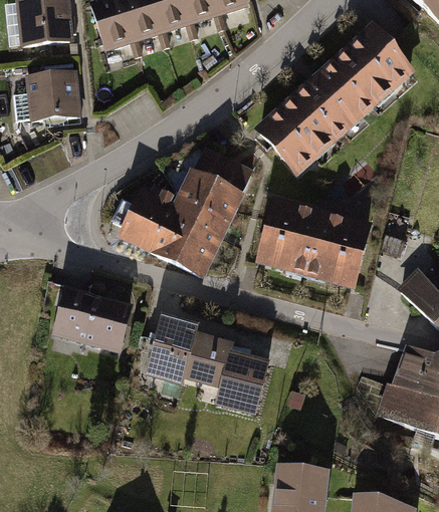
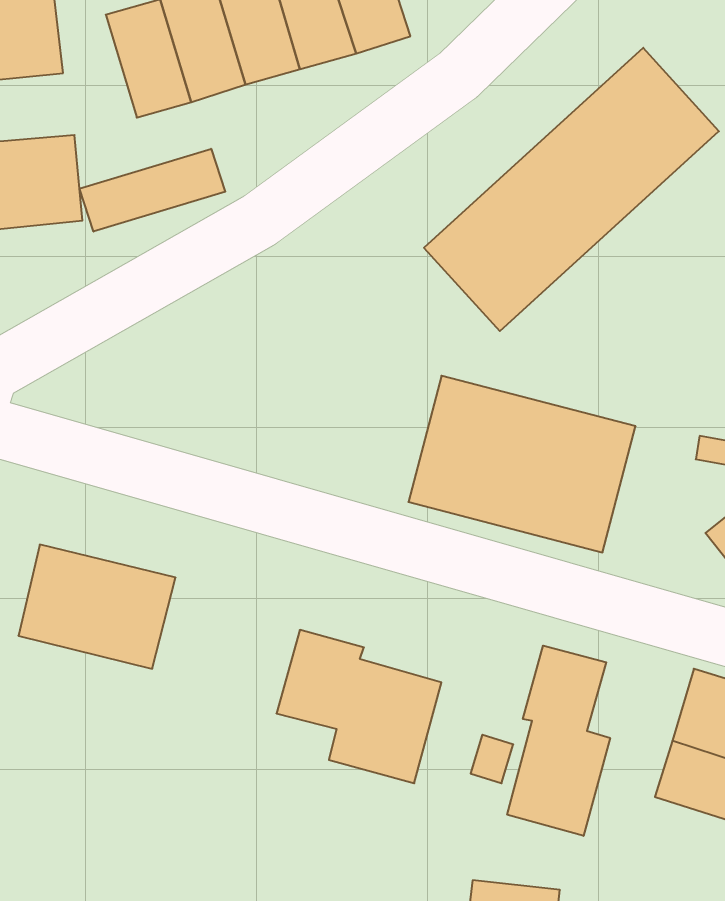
building: none -> [80,149,225,232]
building: [116,144,252,271] -> none
building: [143,313,197,383] -> none
building: none -> [507,646,610,836]

